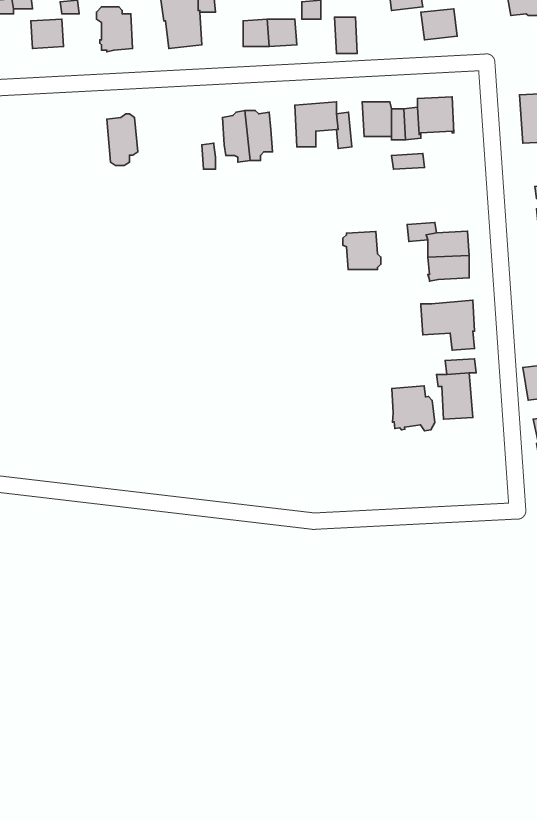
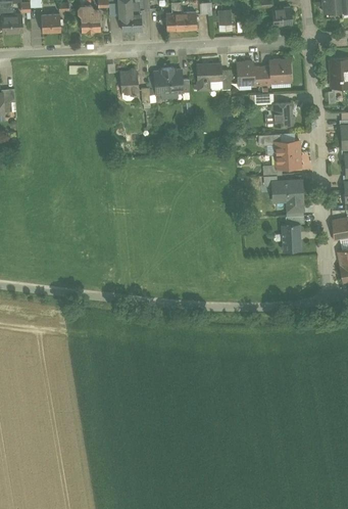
building: [107,114,138,166] -> [119,68,138,99]
building: [343,231,381,269] -> [270,102,293,125]
building: [392,386,435,431] -> none

